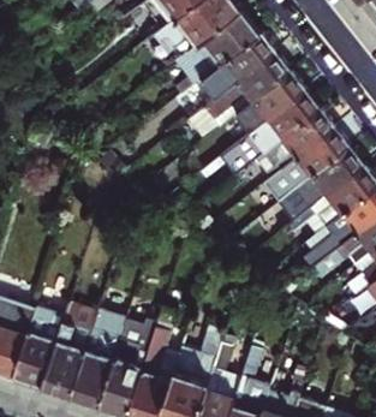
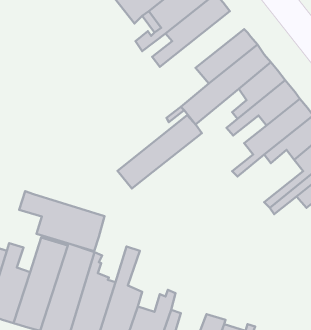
building: [199,54,291,133] -> [117,115,202,189]
building: none -> [19,191,104,251]

